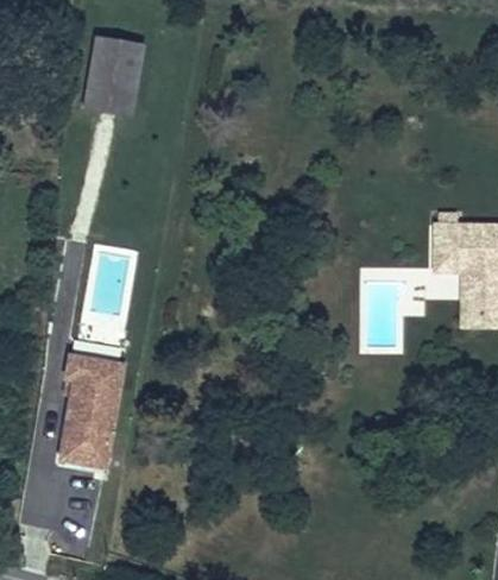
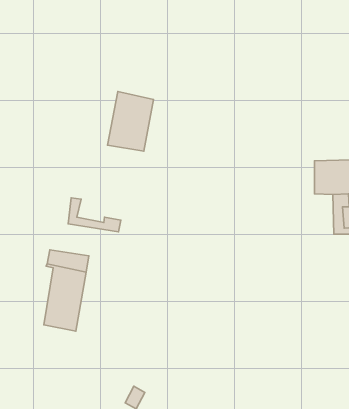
building: [82,32,145,114] -> [108,92,153,151]
building: none -> [68,198,121,232]

